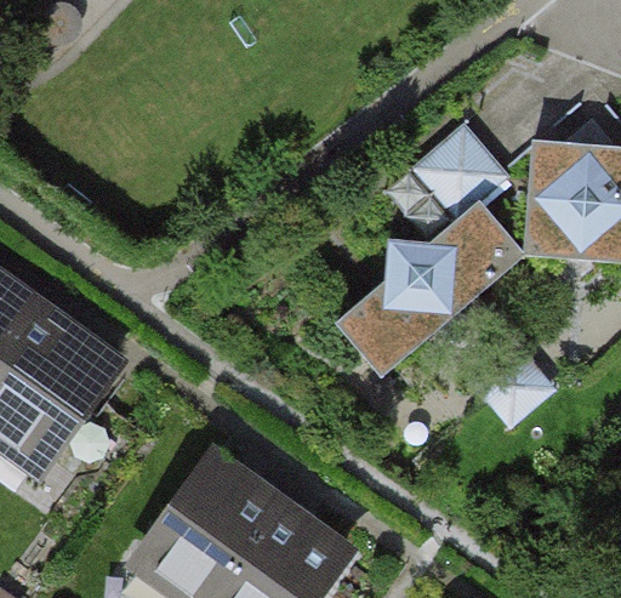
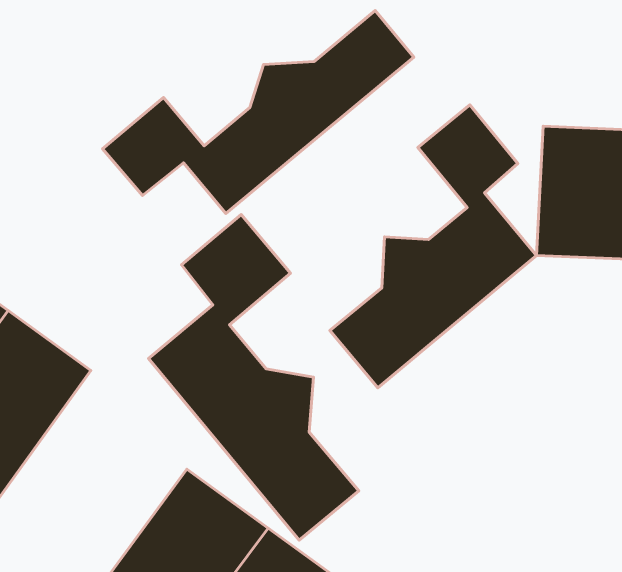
building: none -> [103,10,414,214]
building: none -> [148,214,359,540]

